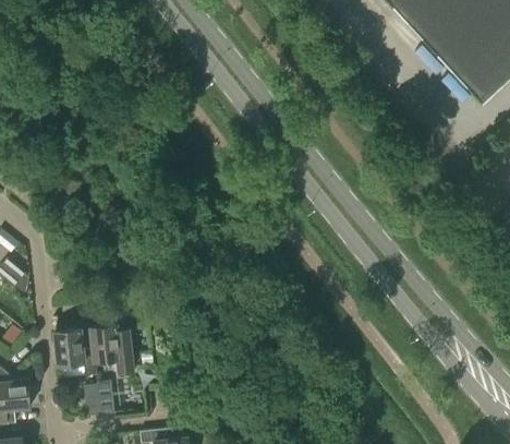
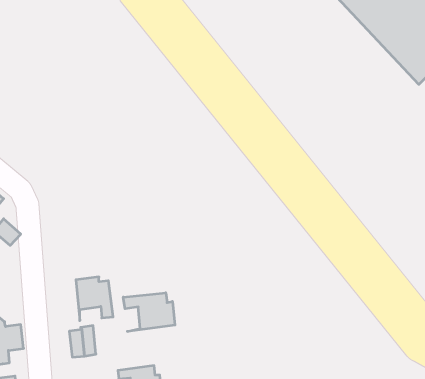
building: [53,327,95,375] -> none
building: none -> [123,293,175,331]

